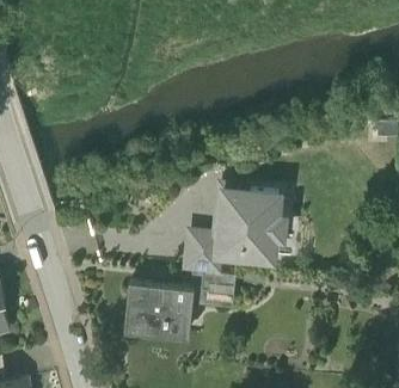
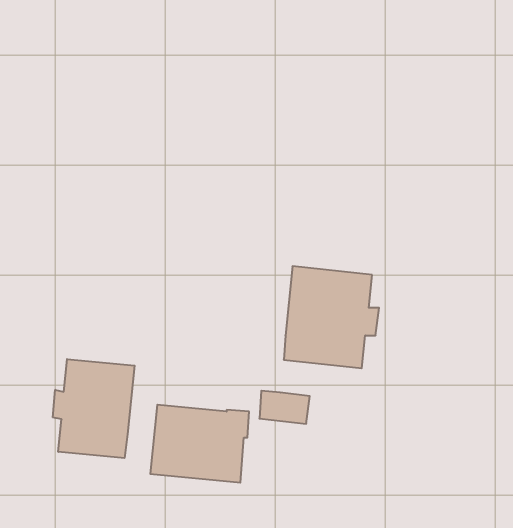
building: [186,234,219,276] -> none
building: none -> [53,359,135,458]

